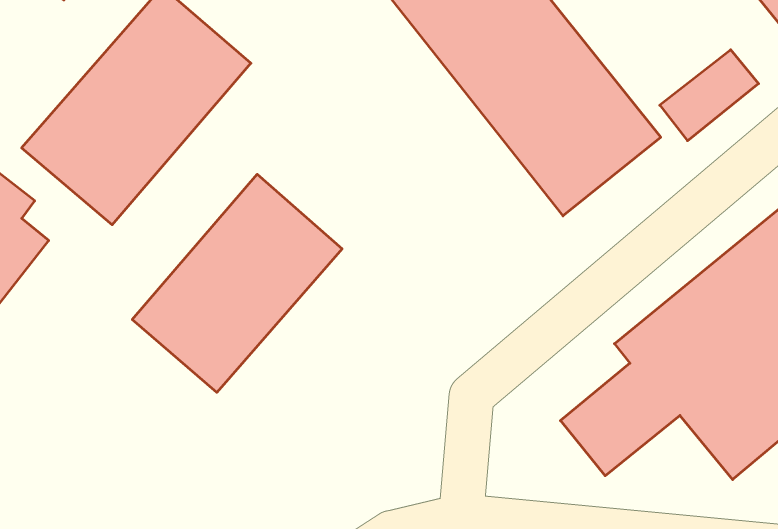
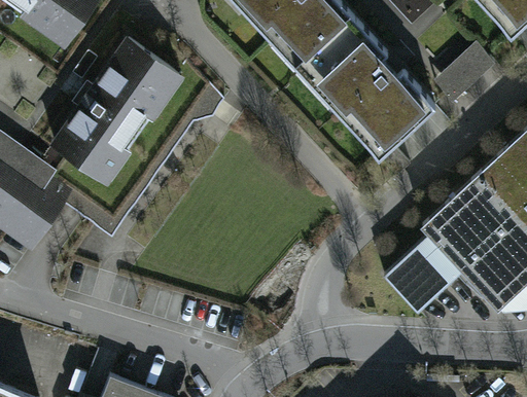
building: [132,174,342,392] -> none

